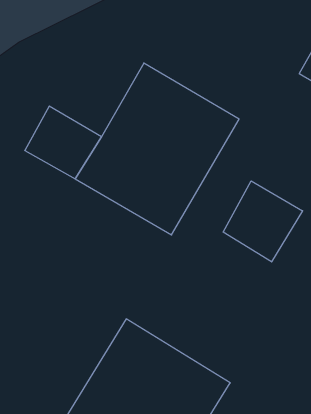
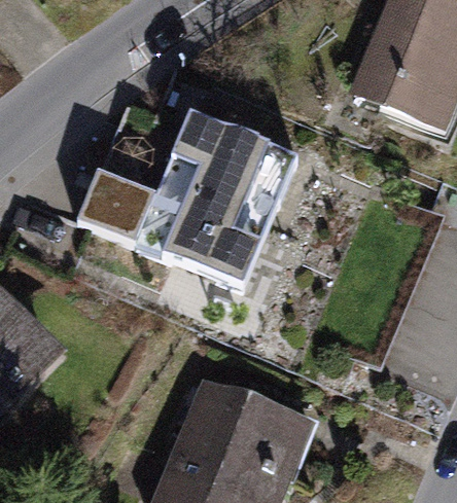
building: [223,181,303,262] -> none

